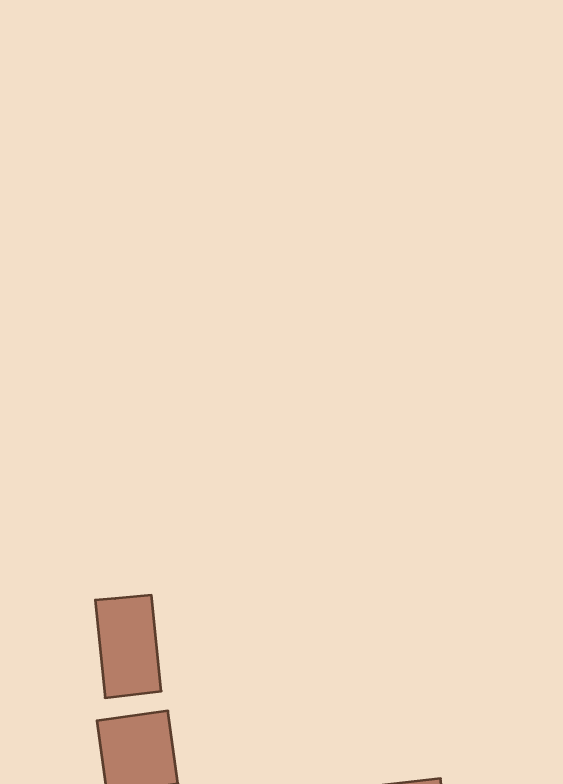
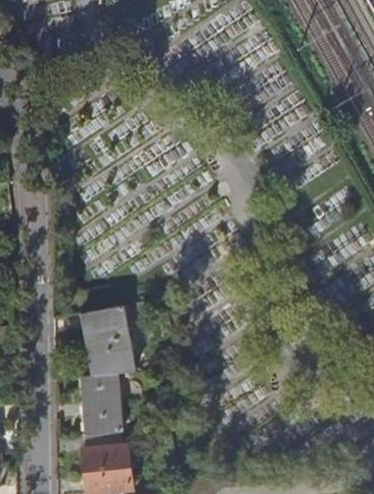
building: none -> [84,310,132,377]

